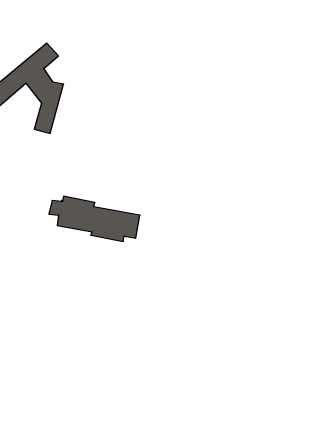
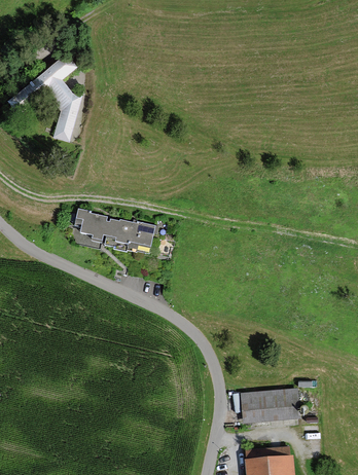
building: none -> [242,390,299,422]

